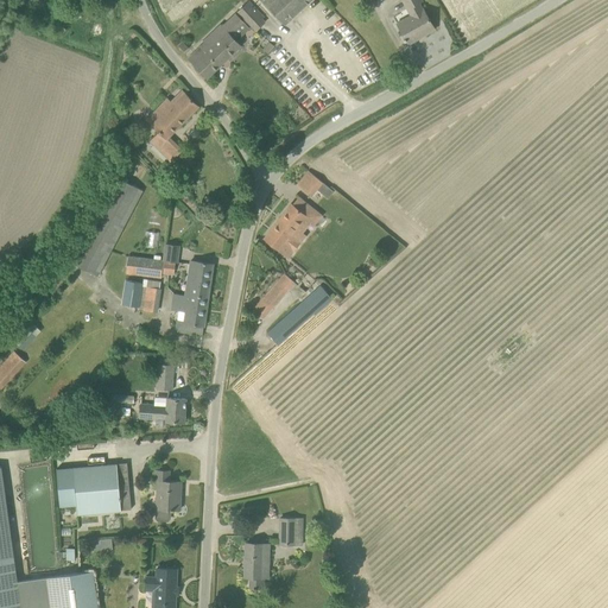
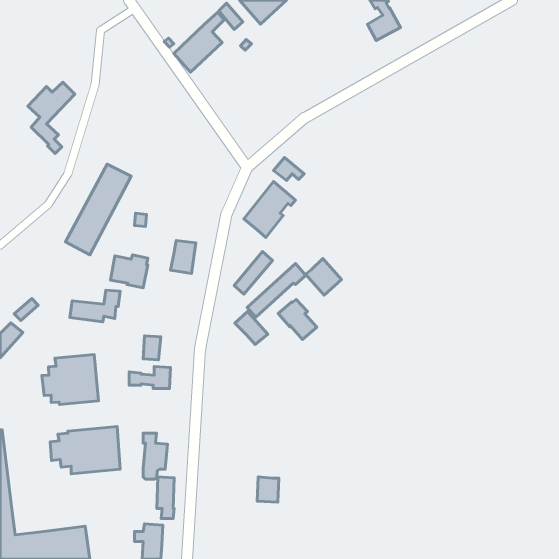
building: [147,94,198,171] -> [28,82,75,153]
building: [125,243,179,278] -> [70,290,120,322]
building: none -> [305,259,341,295]
building: [176,293,208,336] -> none
building: none -> [278,299,317,339]
building: none -> [235,311,268,345]
building: none -> [42,355,99,404]
building: [245,543,264,588] -> [157,477,174,518]

